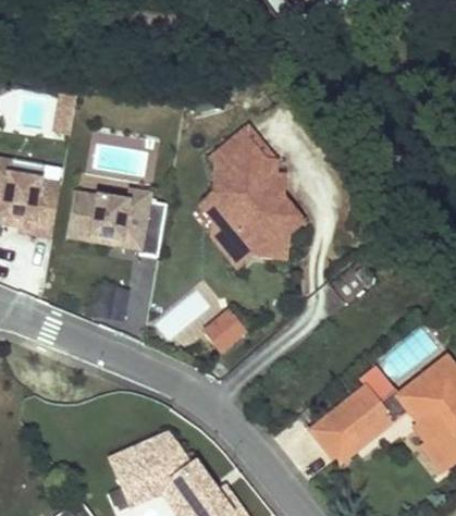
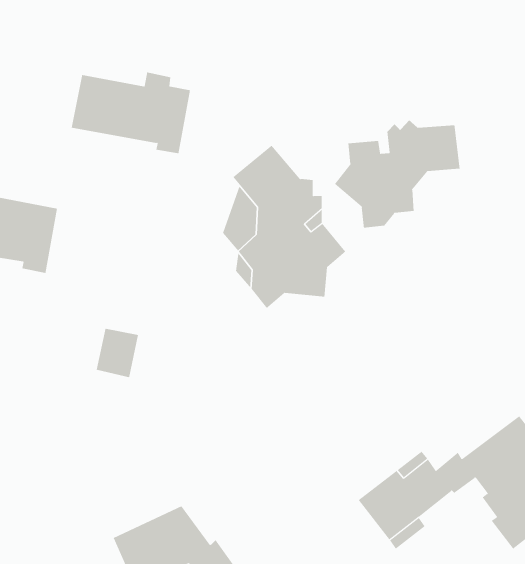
building: none -> [334,120,460,228]
building: [69,189,169,258] -> [71,72,191,154]
building: [200,307,247,353] -> none

